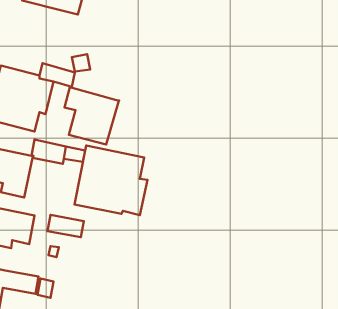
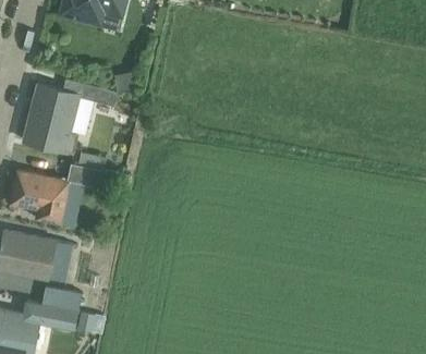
building: [65,87,119,145] -> none
building: [75,146,147,215] -> none
building: [47,215,84,237] -> [40,286,80,310]

